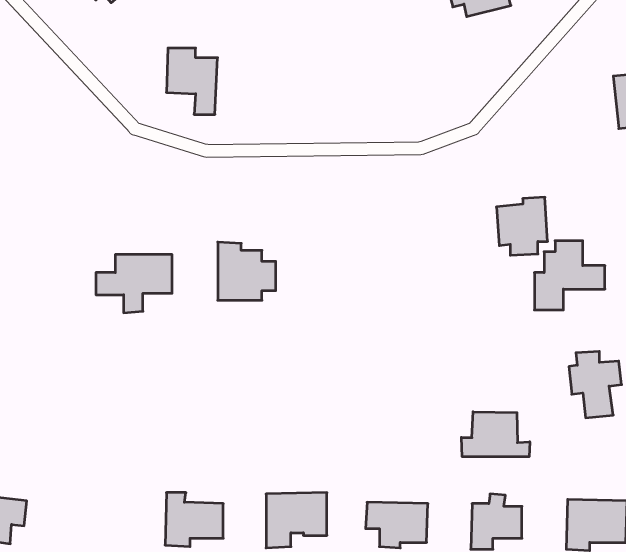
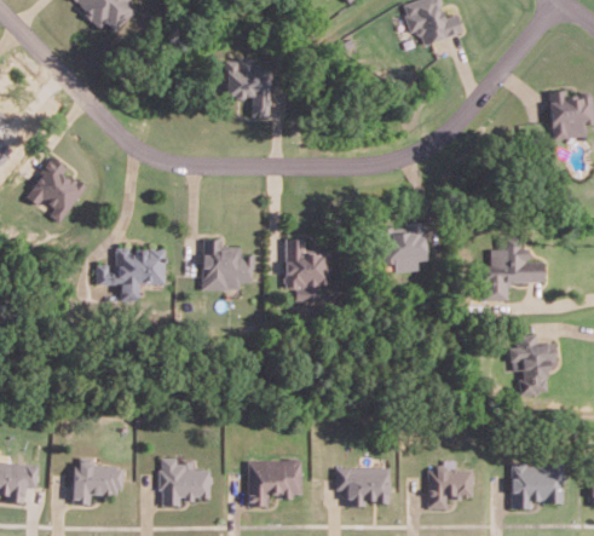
building: [166,48,218,114] -> [225,58,270,116]
building: none -> [24,156,85,223]
building: [496,197,548,255] -> [383,223,428,273]
building: none -> [287,240,330,302]
building: [461,412,530,457] -> none
building: none -> [73,457,122,505]

